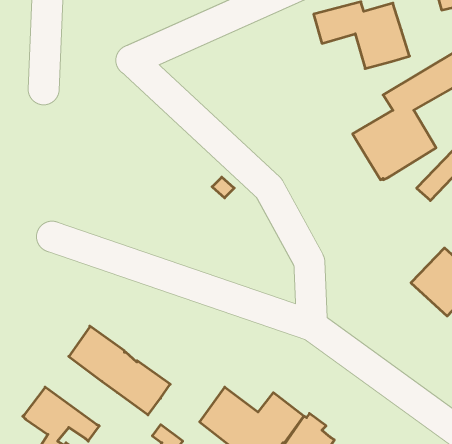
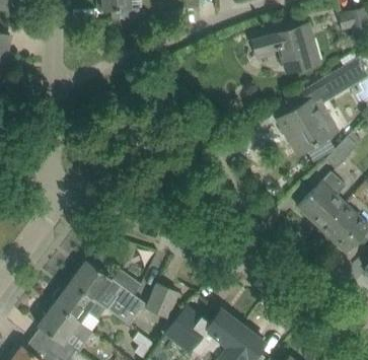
building: none -> [297,170,346,228]
building: none -> [51,282,106,332]
building: none -> [146,283,177,316]

